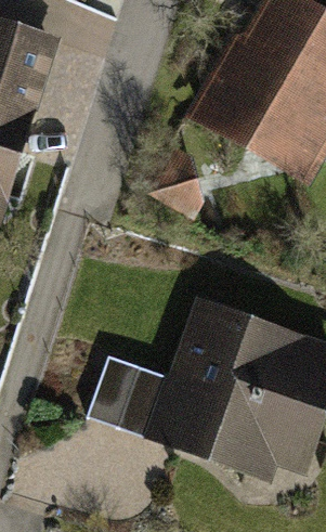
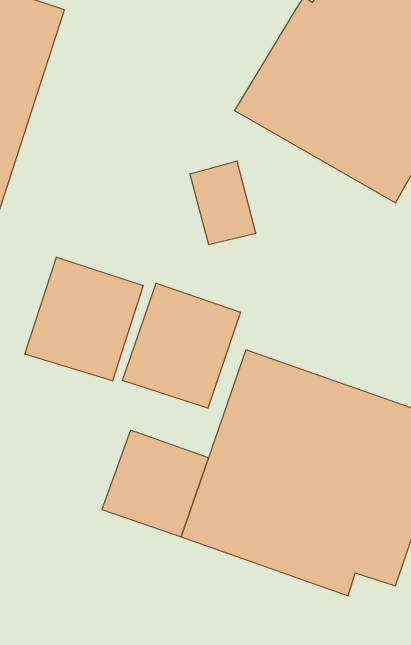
building: none -> [25,257,143,381]
building: none -> [123,283,240,408]

